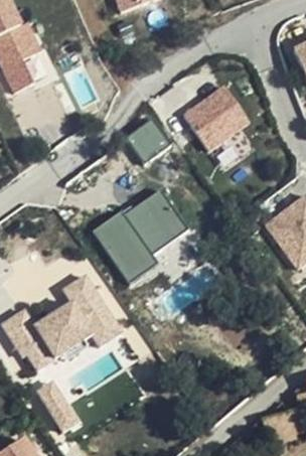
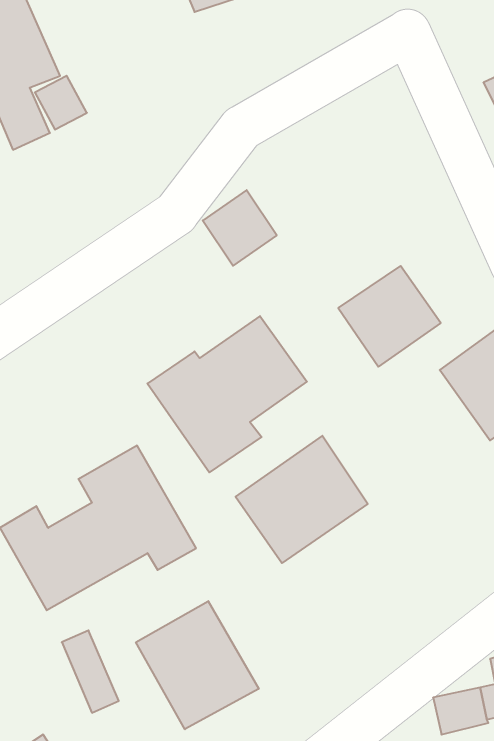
building: [185,90,247,150] -> [338,266,441,367]
building: none -> [236,436,368,563]
building: none -> [136,601,259,729]

